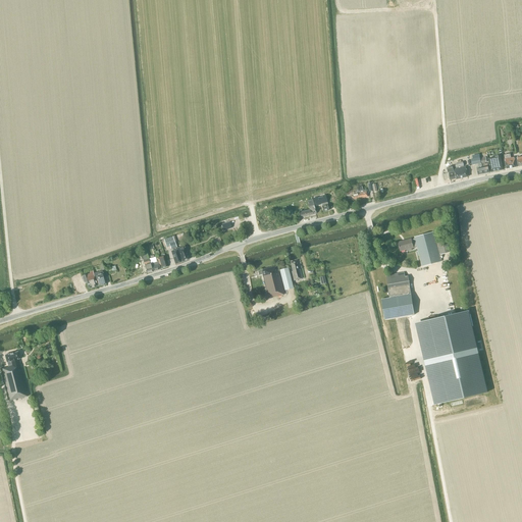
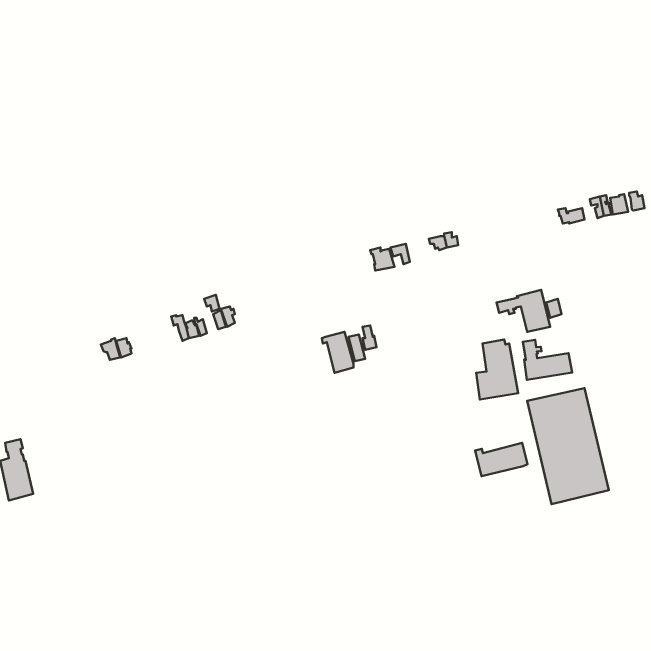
building: none -> [523,340,572,380]
building: none -> [475,443,528,476]

